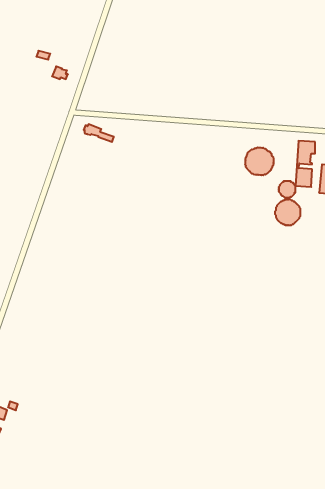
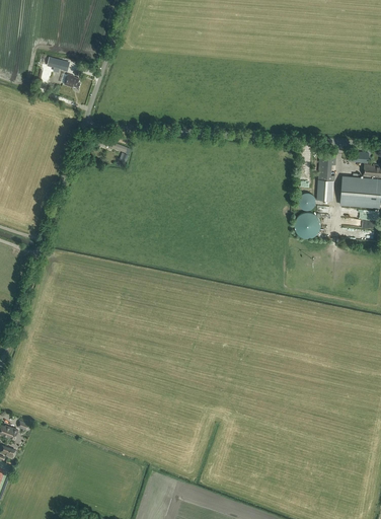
building: [245,147,274,175] -> none

